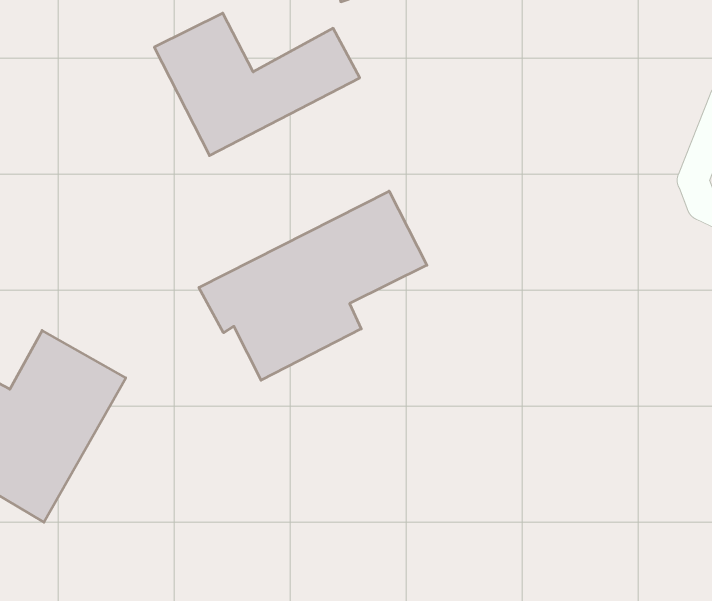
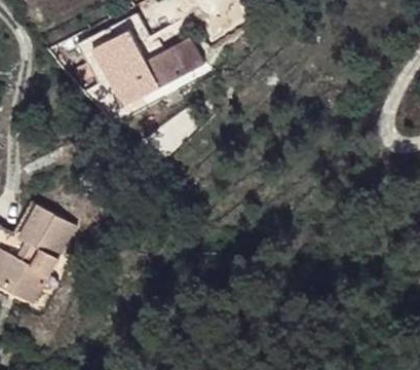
building: [199,191,427,380] -> none

